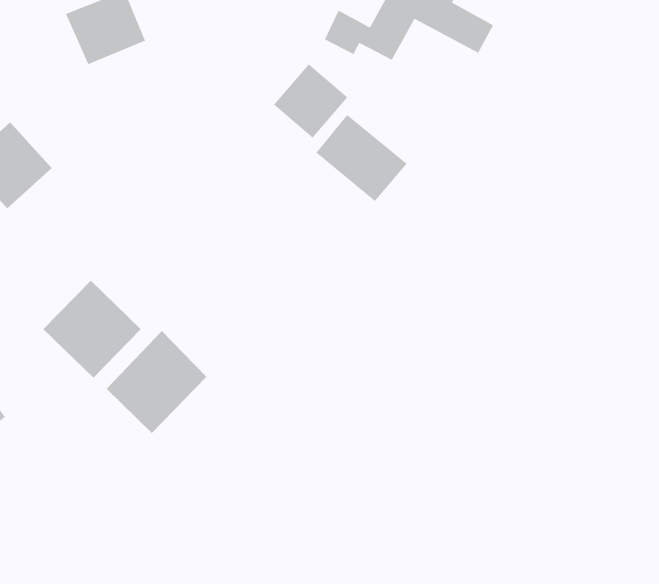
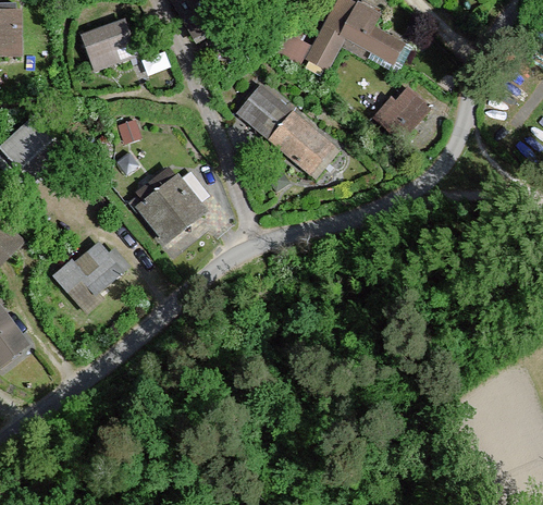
building: none -> [375,73,434,133]
building: none -> [132,178,197,245]
building: [106,330,207,434] -> none

